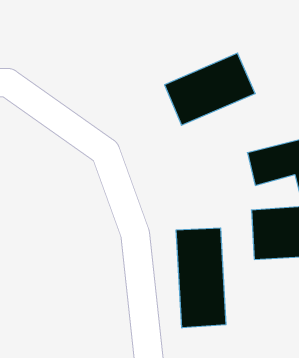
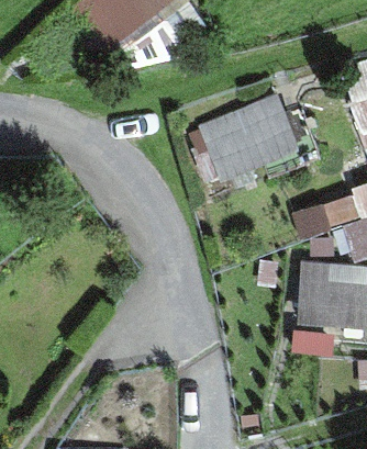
building: [176,228,226,328] -> none

